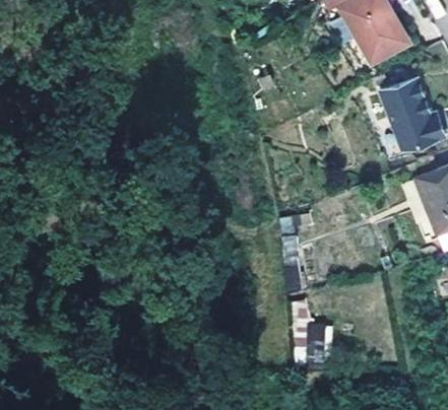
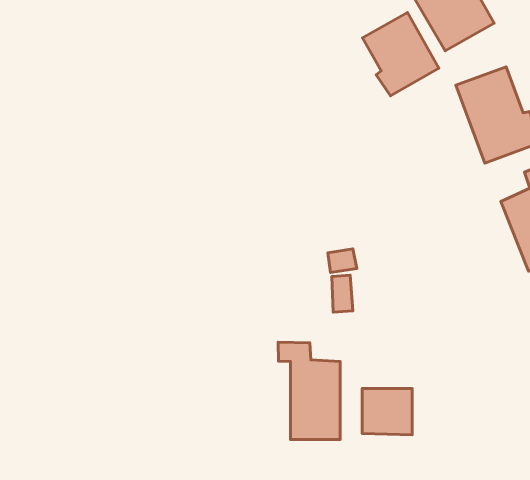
building: none -> [363,12,439,96]
building: none -> [278,342,340,439]

